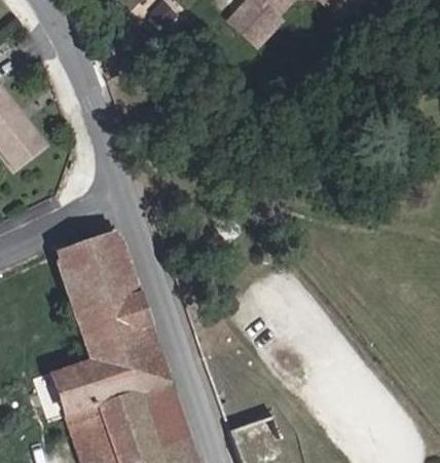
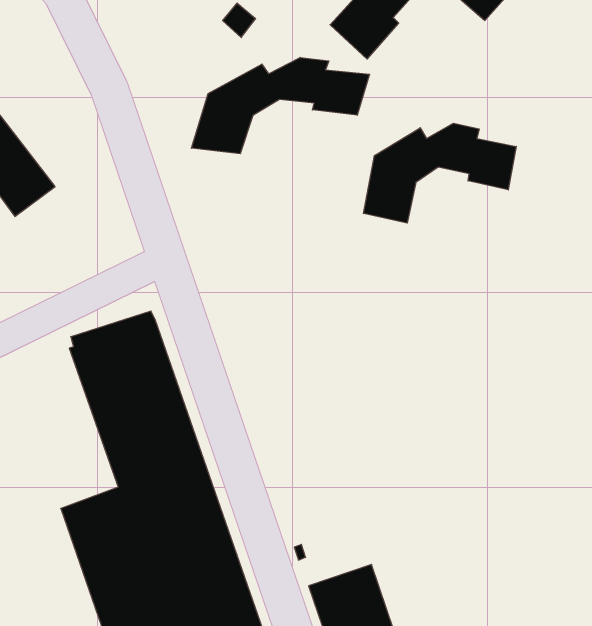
building: none -> [191,57,370,154]
building: none -> [364,123,516,223]

